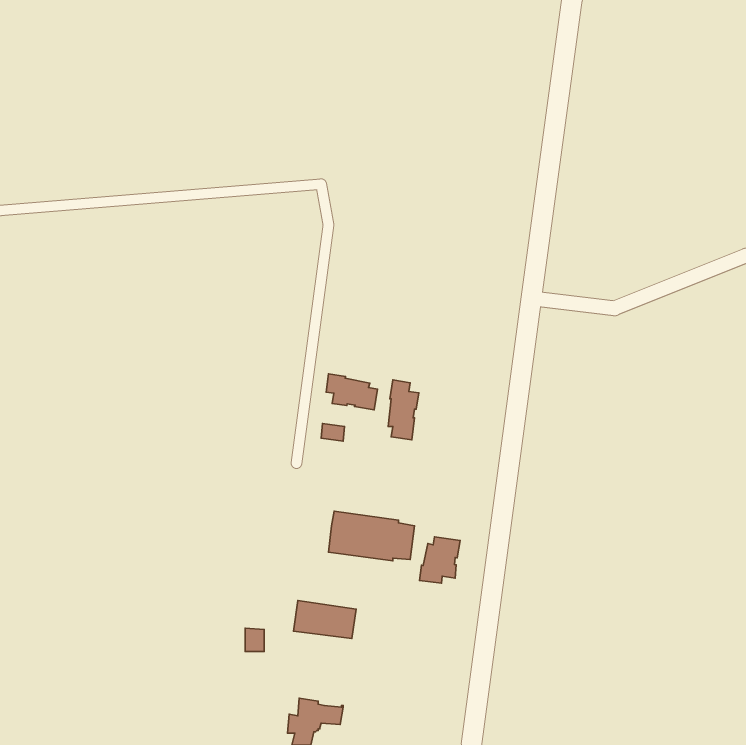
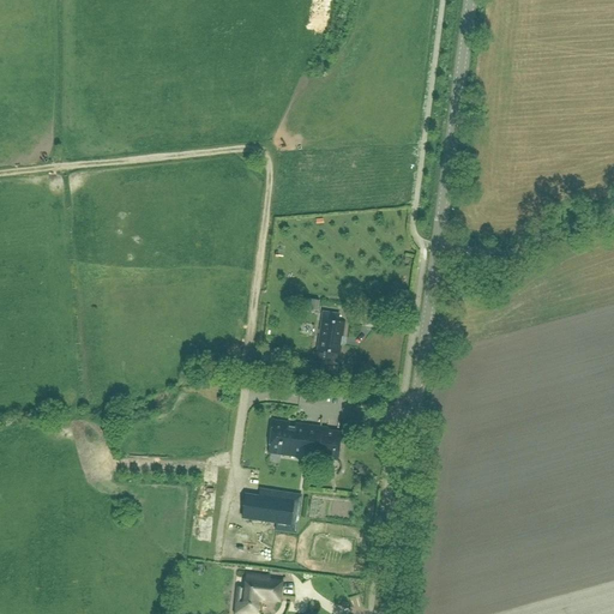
building: [326,374,378,410] -> none
building: [419,537,460,583] -> none

